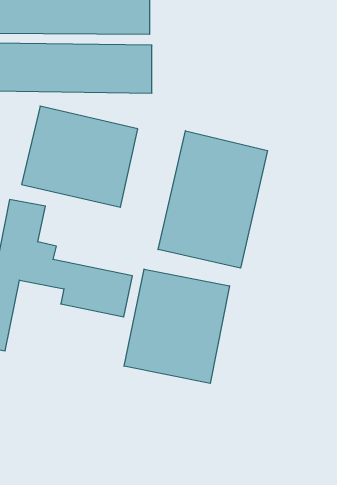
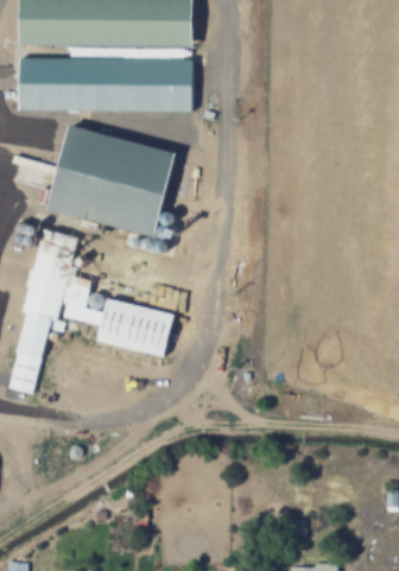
building: [158,131,267,268] -> none
building: [124,269,229,383] -> none

